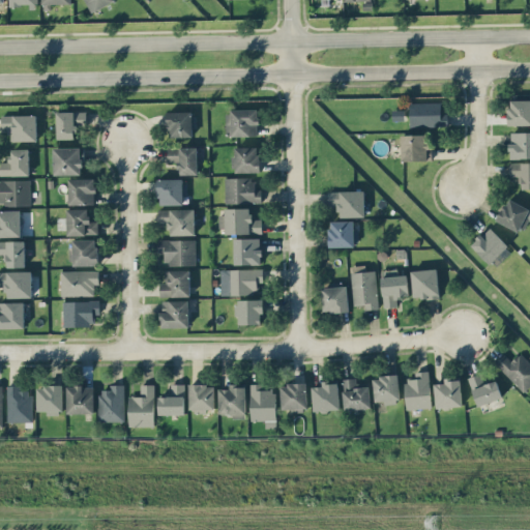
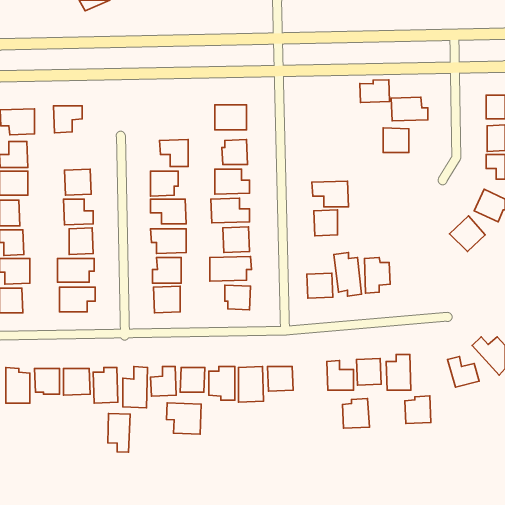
building: none -> [360,80,389,102]
building: [167,112,194,138] -> none
building: [53,148,82,175] -> none
building: [411,269,438,299] -> none
building: [434,379,461,408] -> [405,396,431,424]
building: [312,381,340,412] -> [343,398,369,428]
building: none -> [167,403,201,434]
building: none -> [108,413,130,452]

